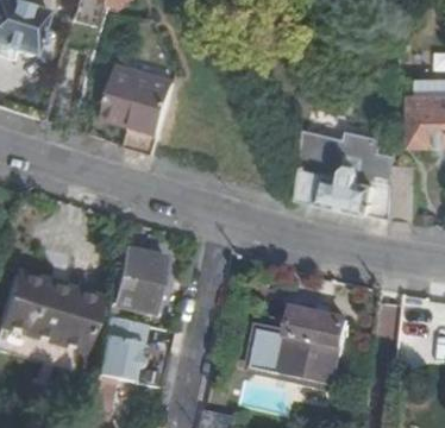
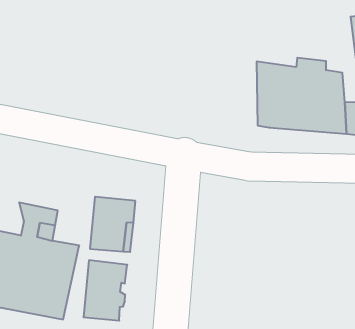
building: [105,67,176,152] -> none
building: [253,308,347,385] -> none

